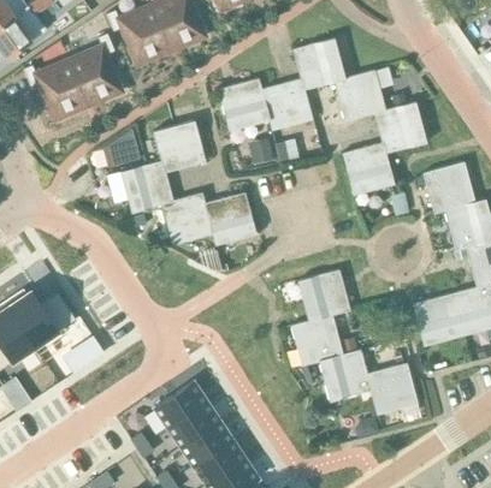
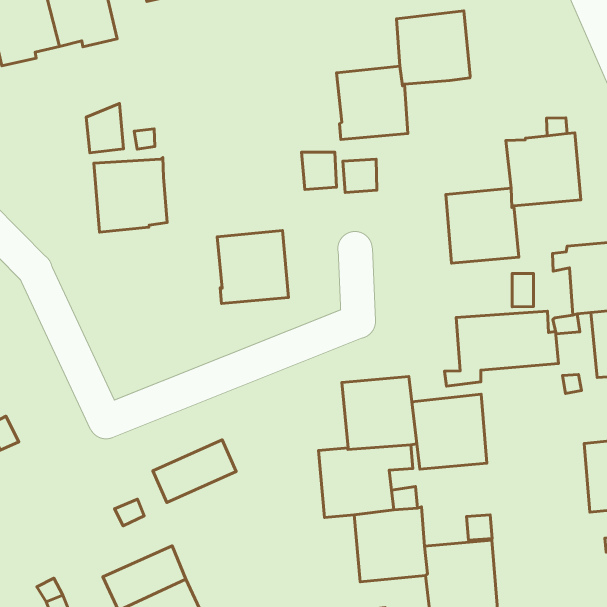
building: [332,70,385,121] -> none
building: [217,78,270,131] -> none
building: [153,120,206,172] -> none
building: [161,192,213,245] -> none
building: none -> [445,311,558,386]
building: [412,292,465,345] -> [412,394,487,469]
building: [158,381,209,425] -> [153,440,236,502]

